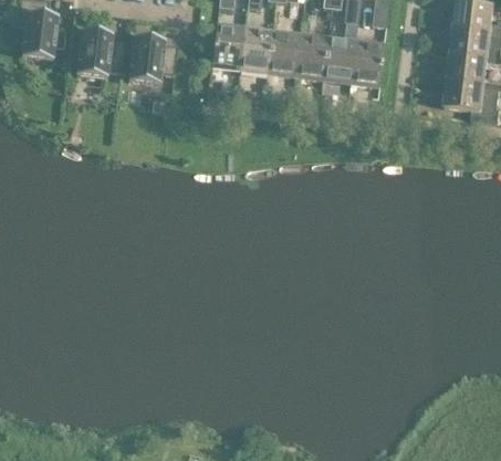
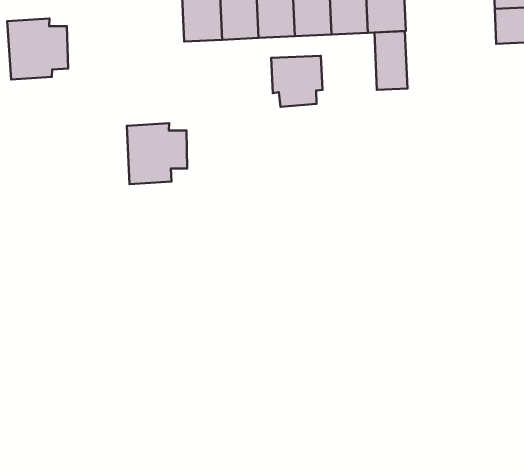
building: [128,35,178,83] -> [127,123,187,184]
building: none -> [374,31,407,90]
building: none -> [271,56,322,107]

